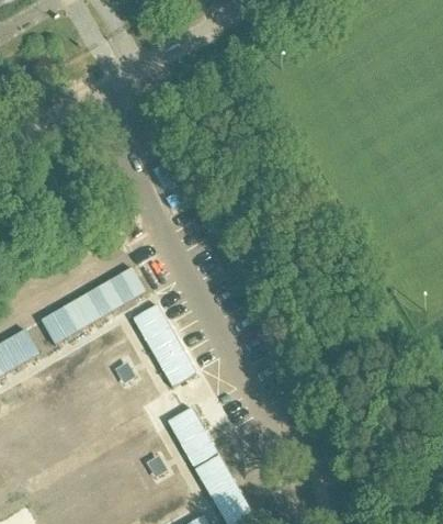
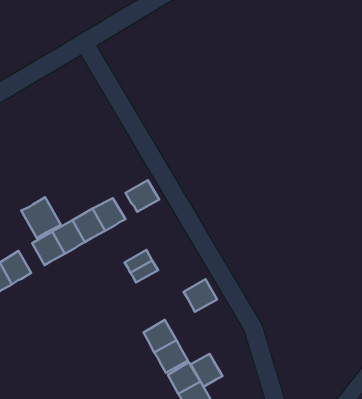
building: none -> [21,197,61,238]
building: [133,304,171,341] -> [126,180,159,212]
building: [159,349,197,387] -> [183,279,217,312]
building: none -> [191,354,222,387]

